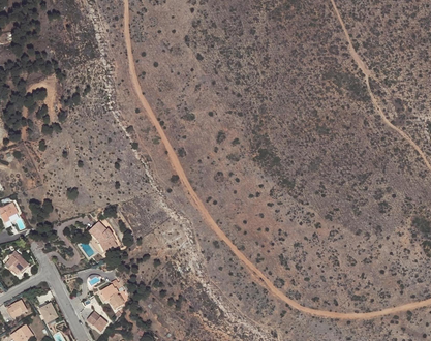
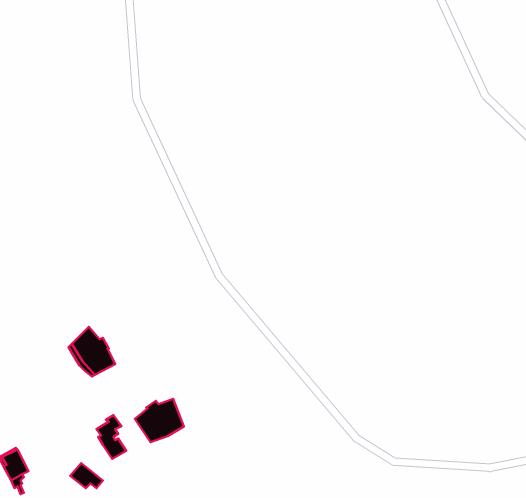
building: none -> [135,399,184,442]

